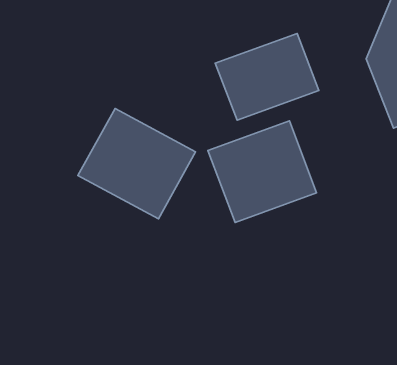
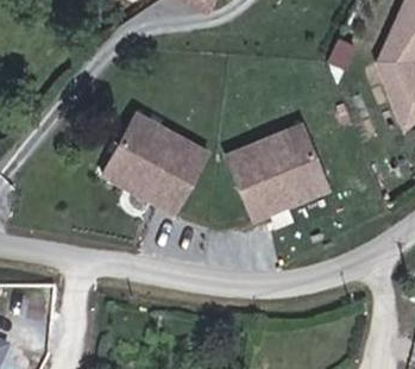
building: [215,33,319,120] -> none

